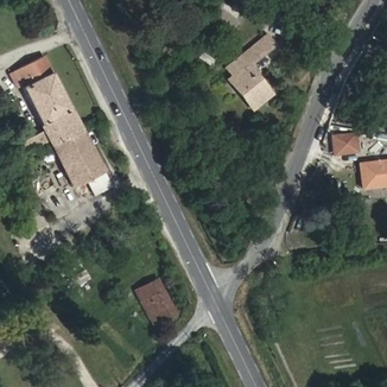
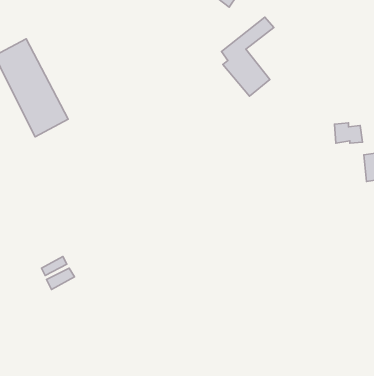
building: [53,129,113,194] -> none
building: [138,278,179,325] -> none

